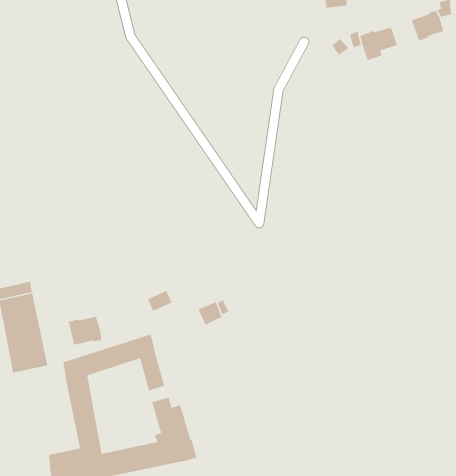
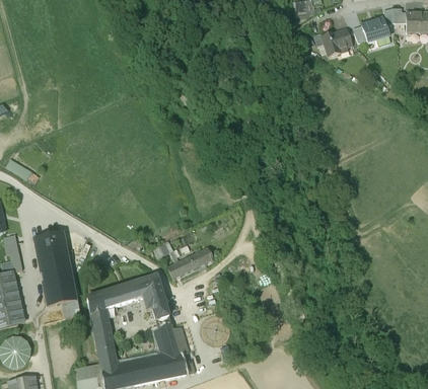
building: none -> [167,254,200,280]
building: [68,316,102,346] -> none

